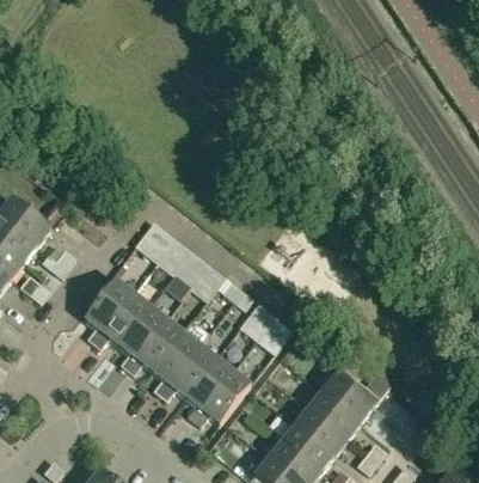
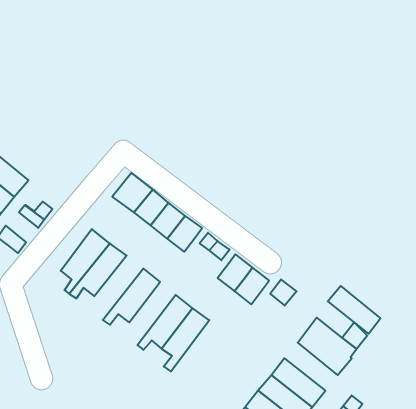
building: [117,304,166,368] -> none
building: [152,330,198,393] -> none
building: [194,368,250,424] -> none
building: [307,391,360,439] -> [328,286,380,334]

